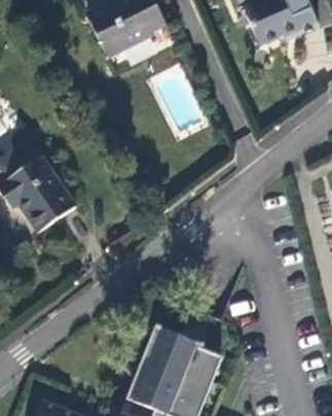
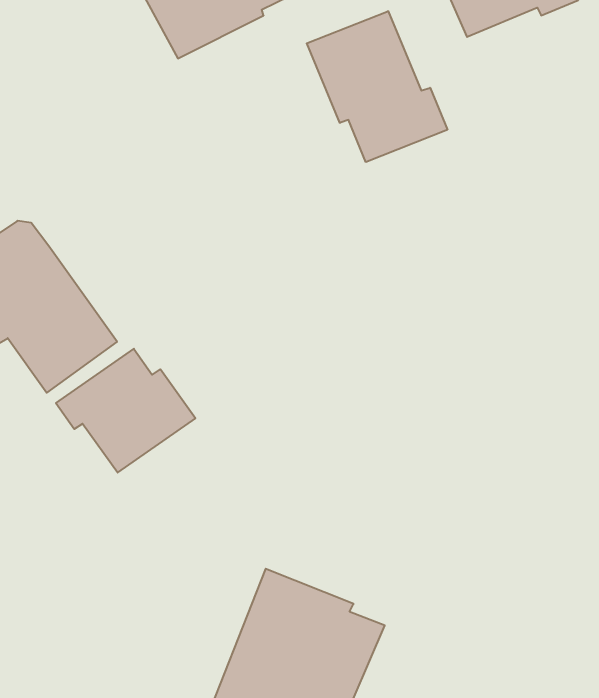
building: none -> [307,11,447,162]
building: none -> [56,349,195,473]

